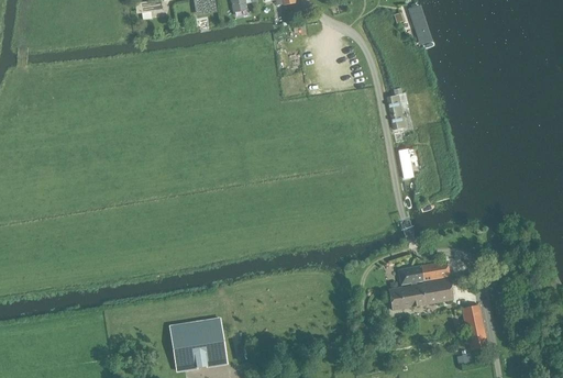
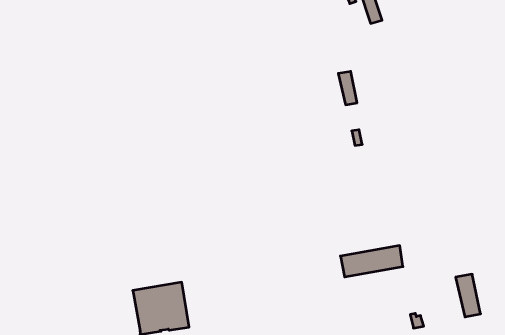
building: [397,260,450,286] -> none
building: [461,304,487,349] -> [456,274,481,317]

